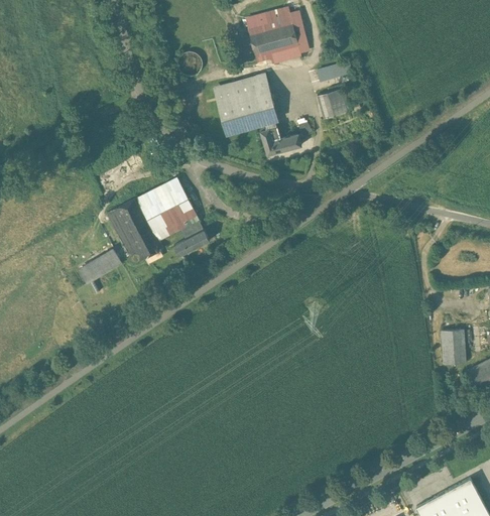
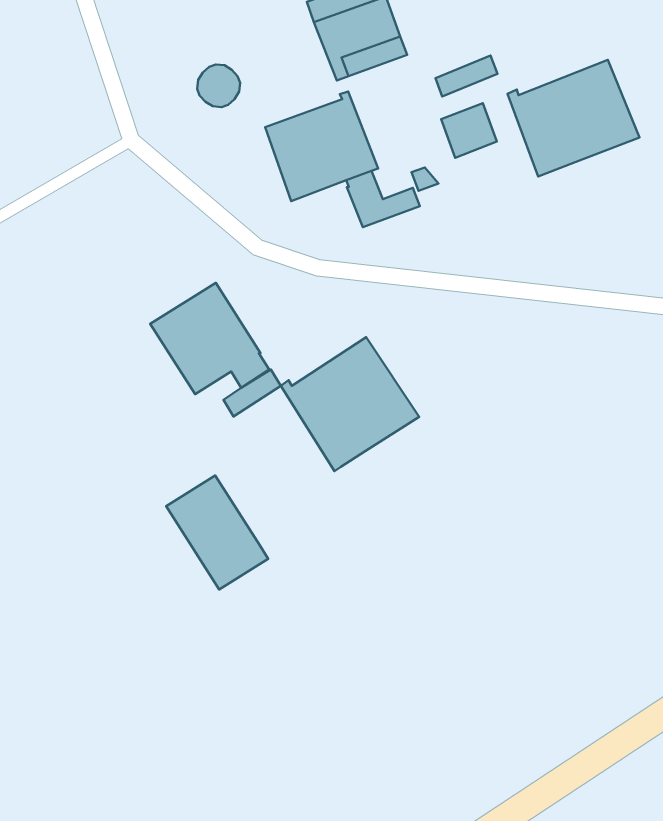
building: none -> [507,60,640,177]
building: [107,198,163,264] -> [166,476,268,590]
building: none -> [281,337,419,471]
building: [79,250,122,284] -> none

